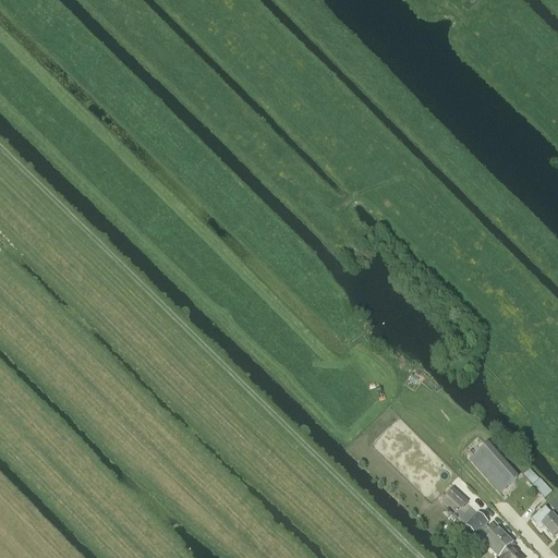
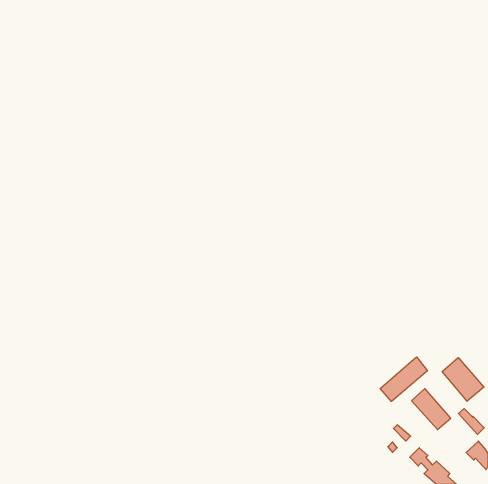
building: none -> [380,357,427,401]
building: none -> [442,358,484,401]

